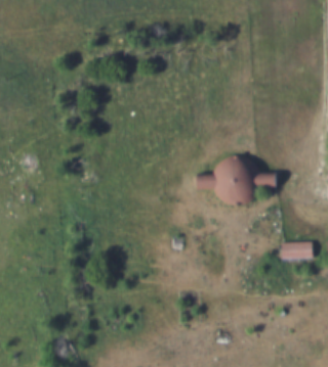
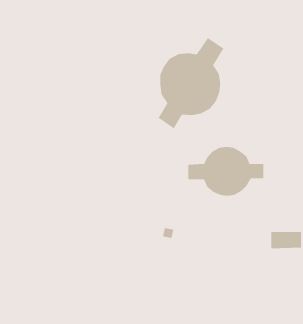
building: none -> [158,37,224,129]

